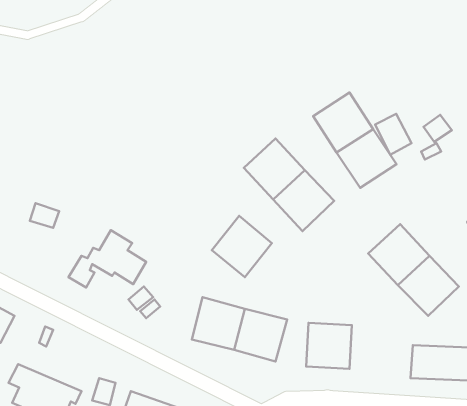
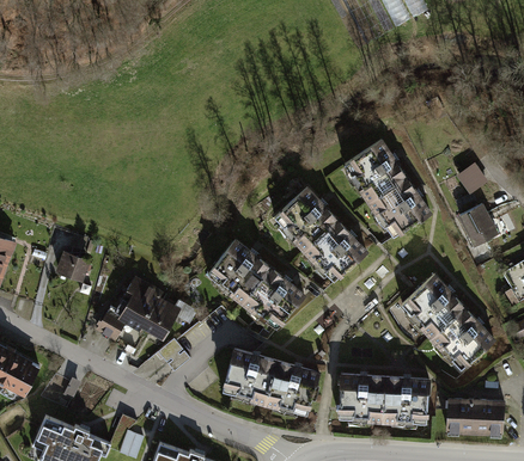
building: [375,114,411,155] -> [458,204,495,246]
building: none -> [207,239,269,301]
building: none -> [382,377,428,424]

